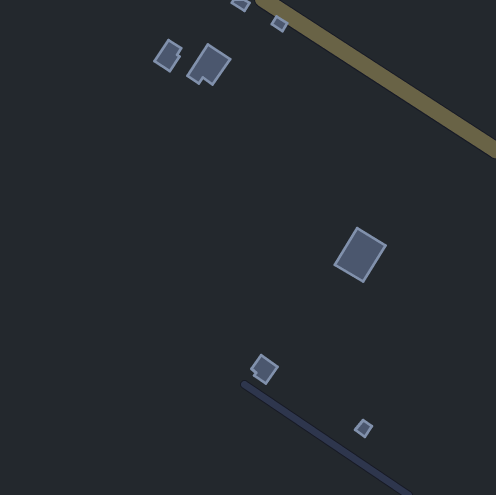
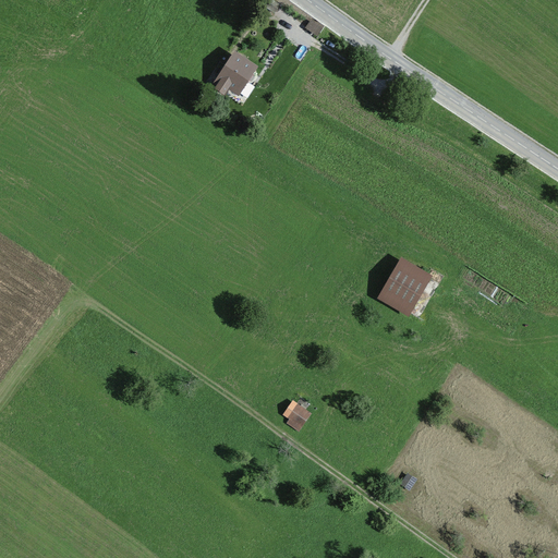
building: [155,40,181,71] -> none

